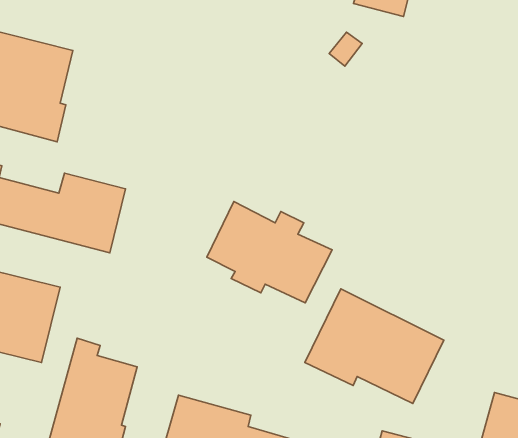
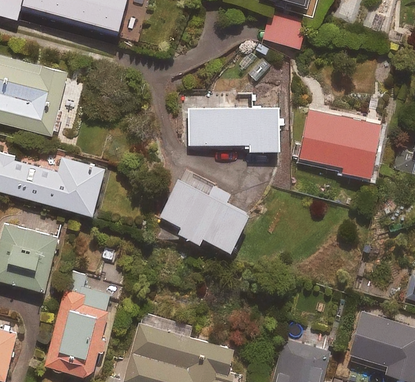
building: none -> [192,105,280,148]
building: none -> [301,110,374,176]
building: [305,289,444,404] -> none

